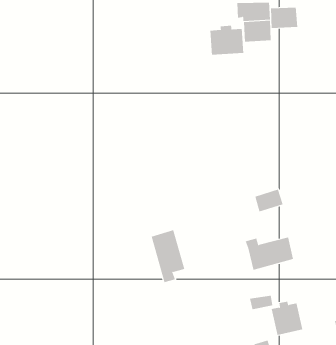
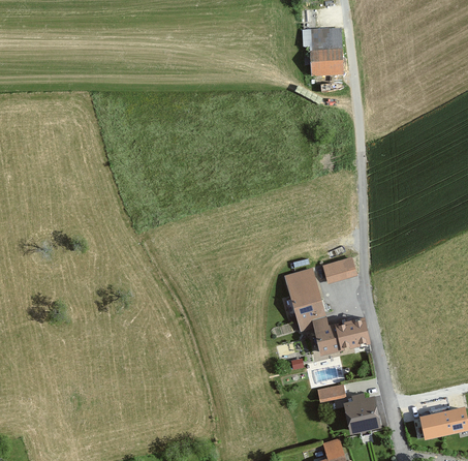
building: [270,7,298,29] -> none
building: [210,25,244,55] -> none
building: [151,230,185,283] -> [284,268,325,332]

